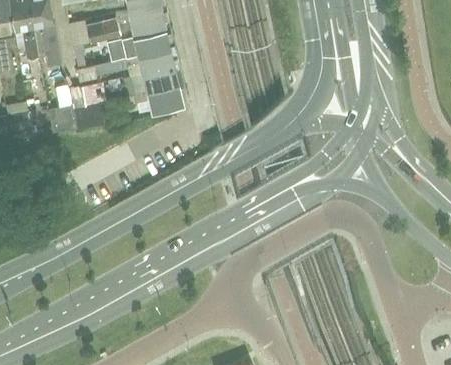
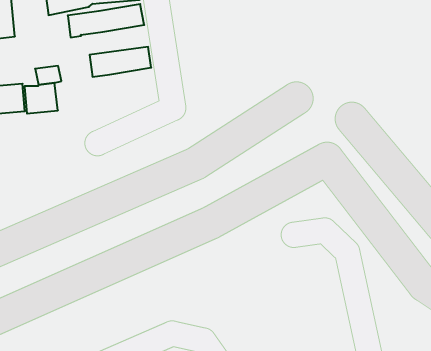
building: [90,45,178,78] -> none
building: [131,82,187,114] -> none

